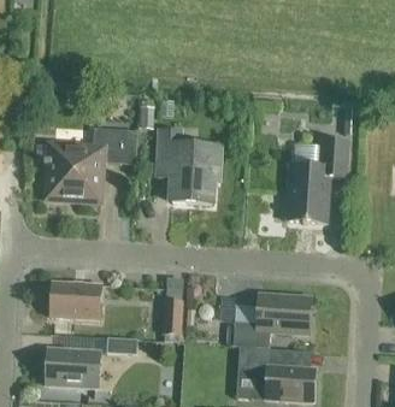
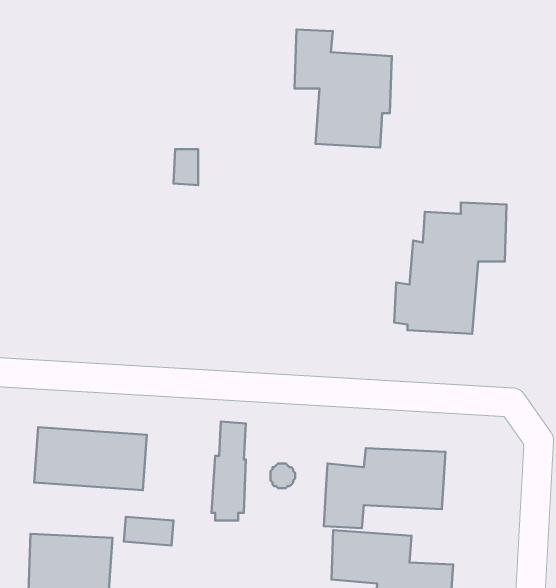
building: [45,128,137,201] -> none
building: [157,128,218,202] -> [295,29,392,147]

